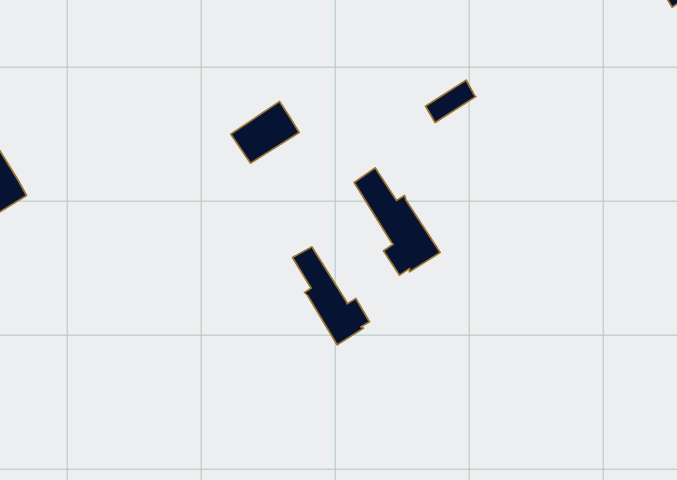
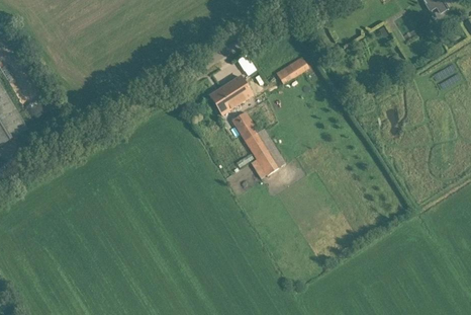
building: [231,102,299,163] -> [209,76,252,114]
building: [293,247,370,345] -> none

